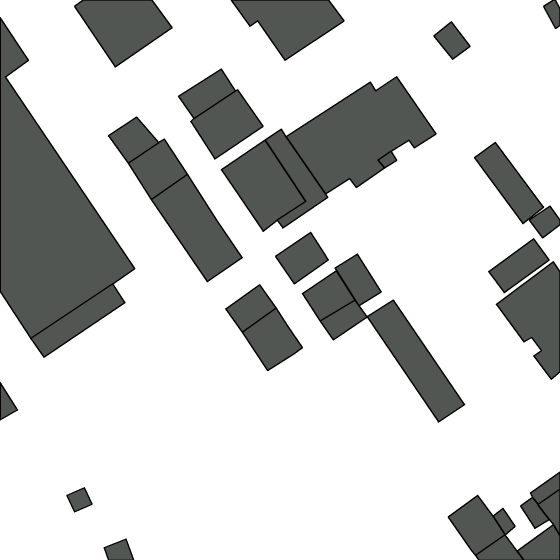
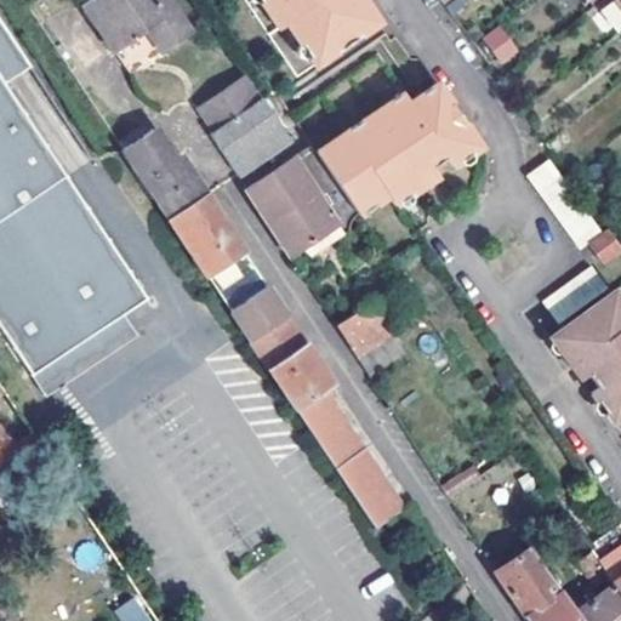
building: [276,232,328,284] -> [229,285,287,342]
building: [335,254,381,306] -> none
building: [367,300,465,422] -> [296,392,404,526]

